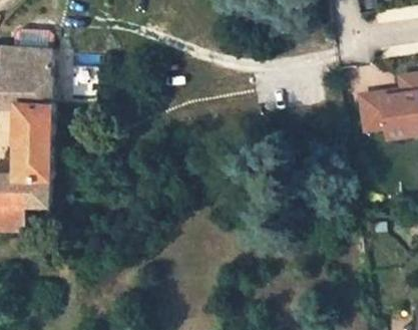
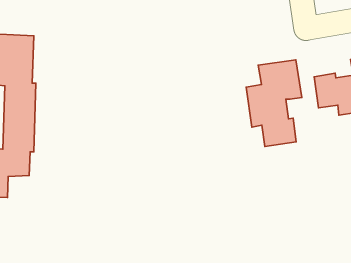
building: none -> [246,60,302,147]

